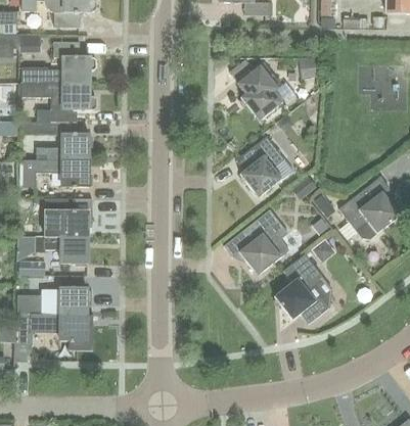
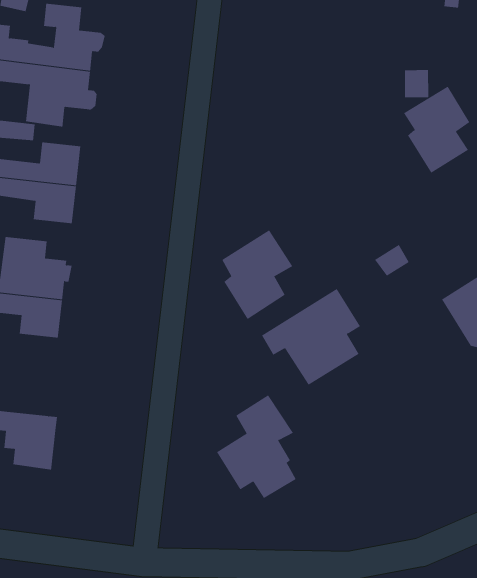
building: [236,61,282,121] -> [403,86,470,173]
building: [236,136,284,197] -> [221,230,293,320]
building: [273,253,328,323] -> [216,394,296,499]
building: [59,286,91,314] -> none

